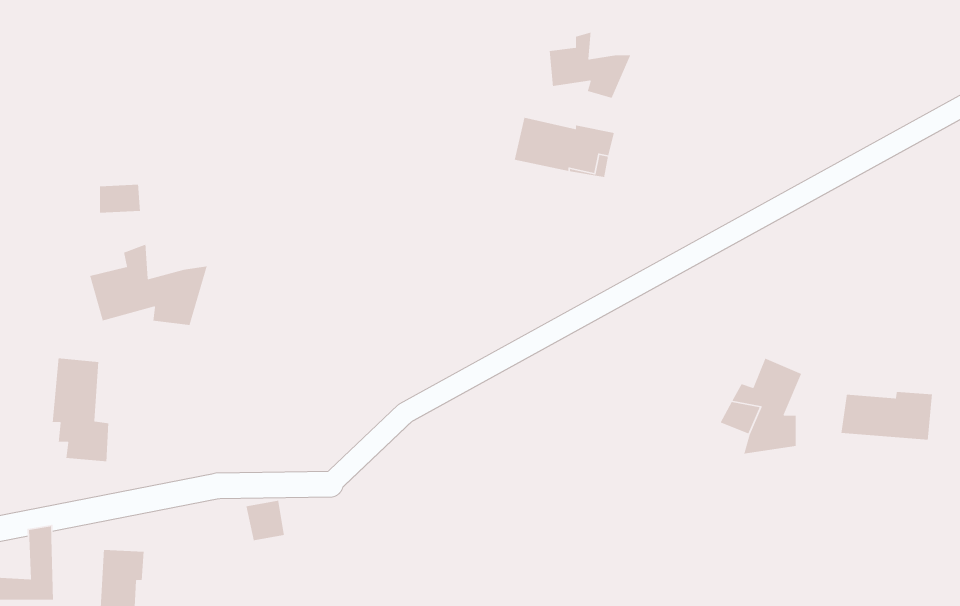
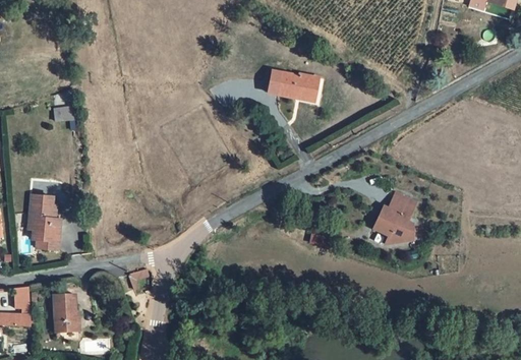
building: [549,32,632,99] -> none
building: [89,243,208,326] -> none
building: [841,391,933,440] -> none

